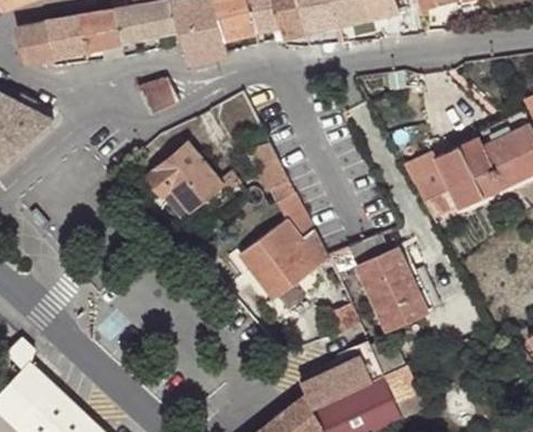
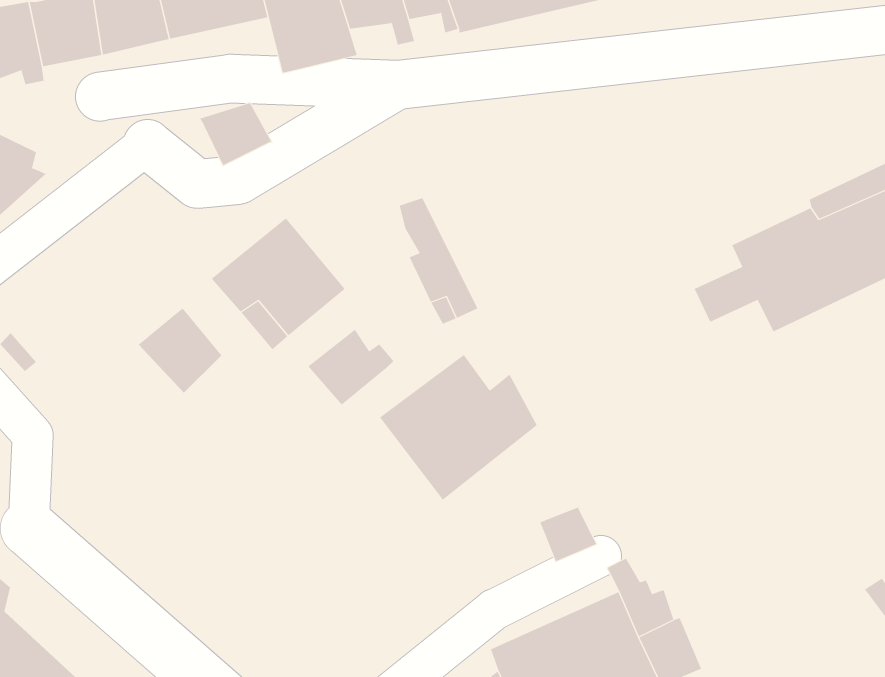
building: none -> [138,308,222,393]
building: none -> [307,329,394,406]
building: [326,233,427,328] -> none

